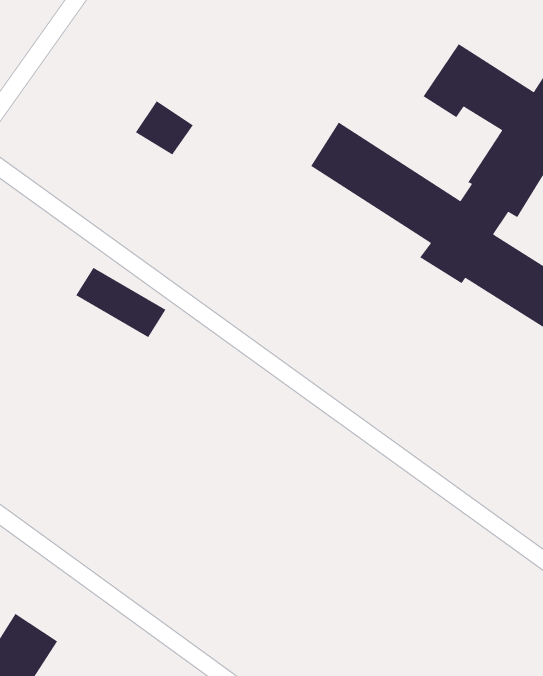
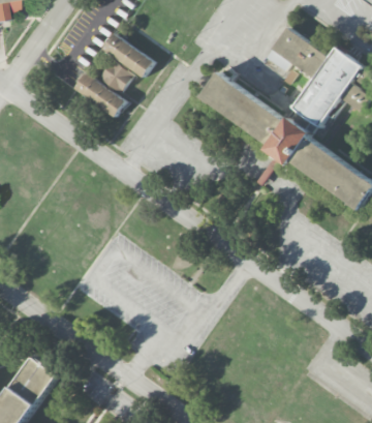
building: none -> [103,34,155,78]
building: [75,267,166,338] -> [74,74,127,116]

